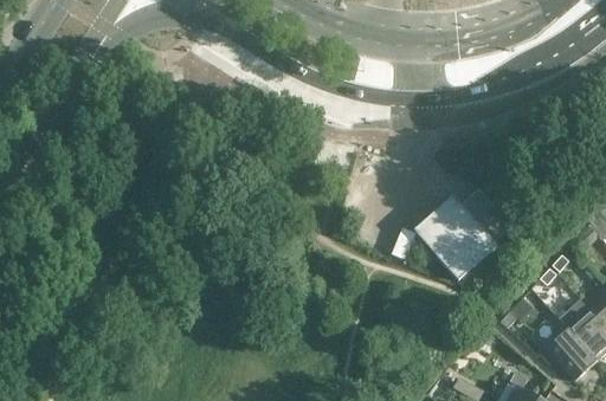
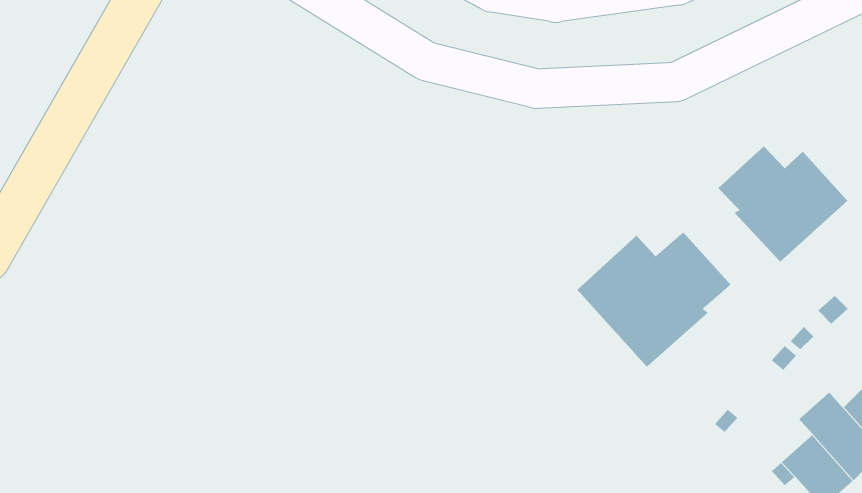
building: none -> [718,146,848,262]

